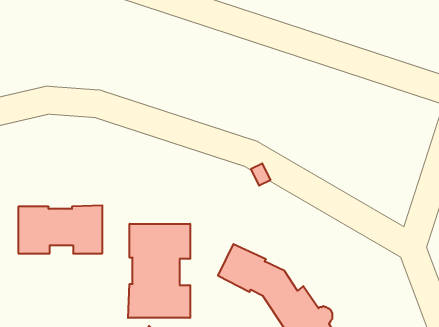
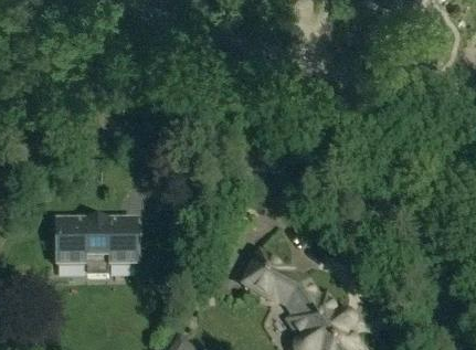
building: [128,224,190,318] -> none

